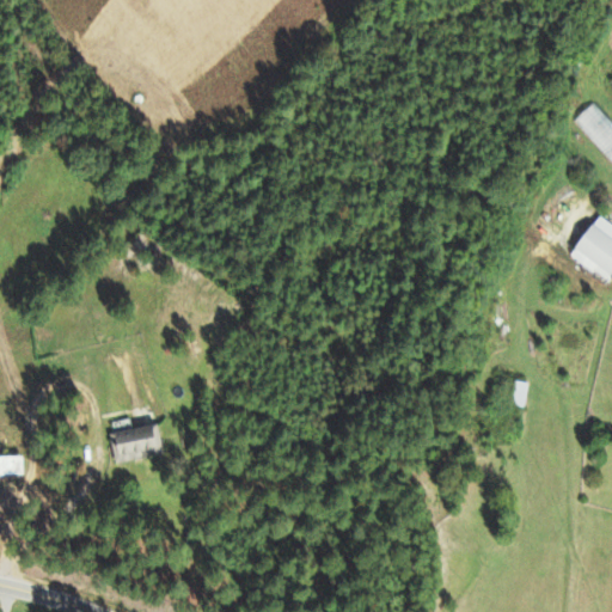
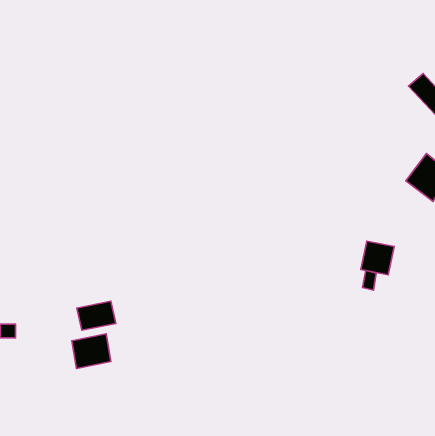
building: none -> [361,241,394,275]
building: none -> [72,334,111,368]

